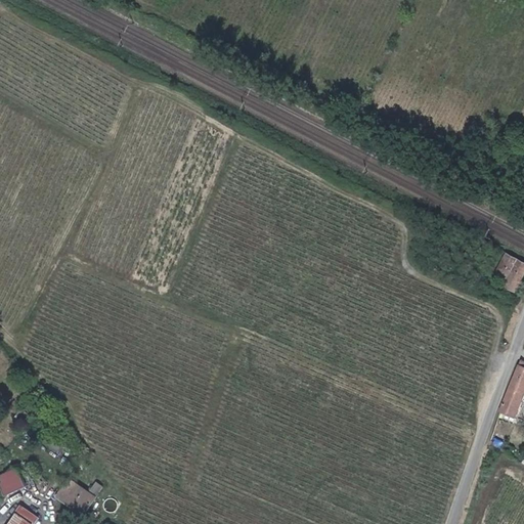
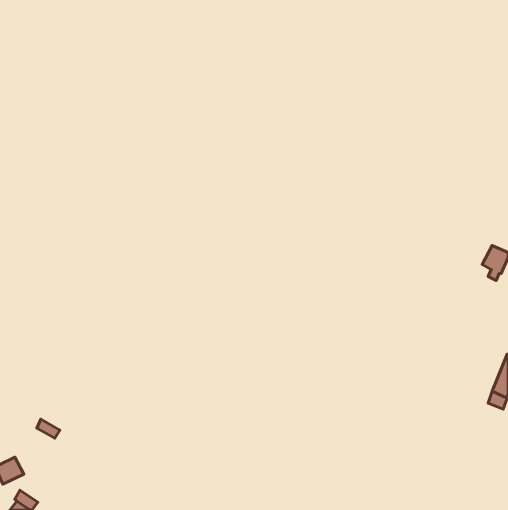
building: [57,481,94,514] -> none

